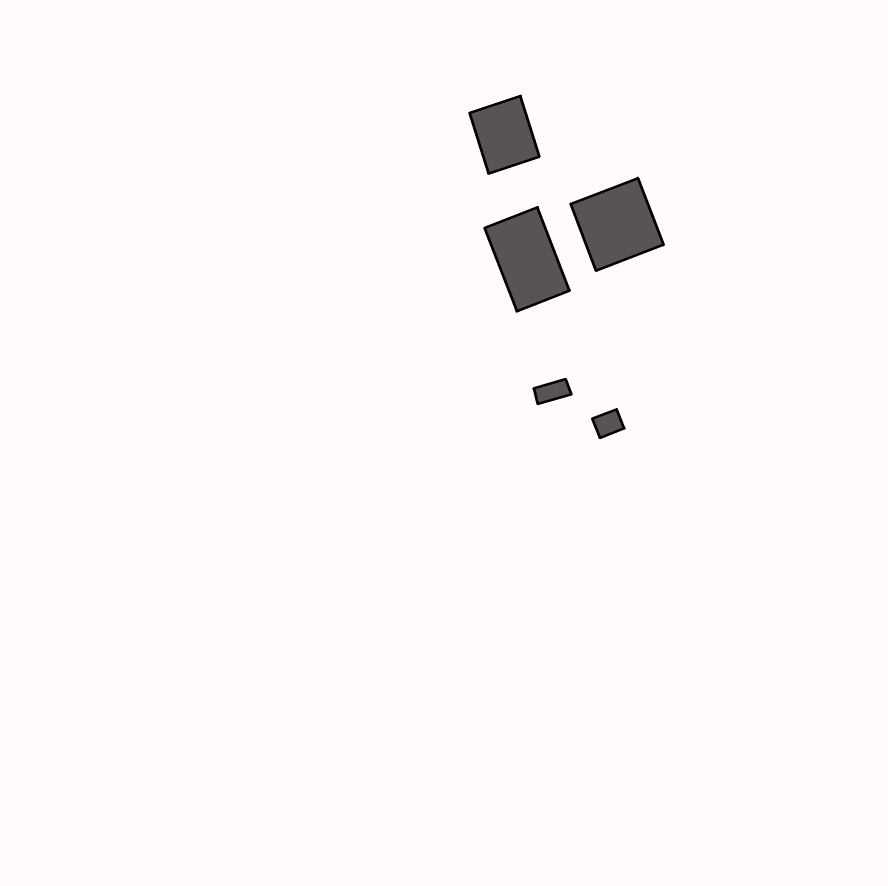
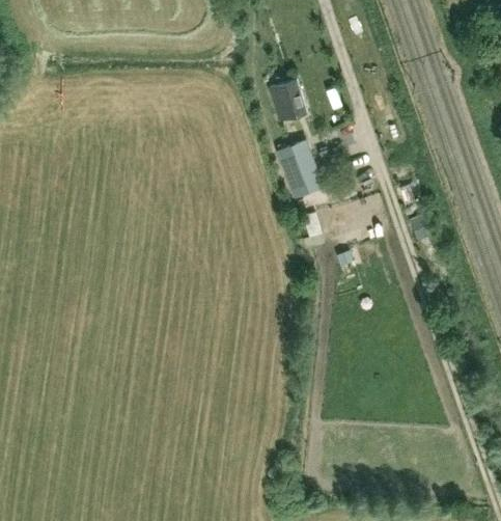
building: [571,178,663,271] -> none

